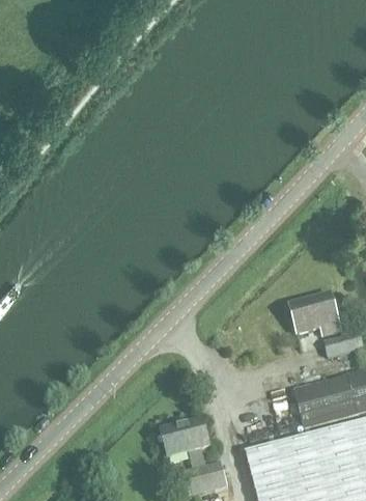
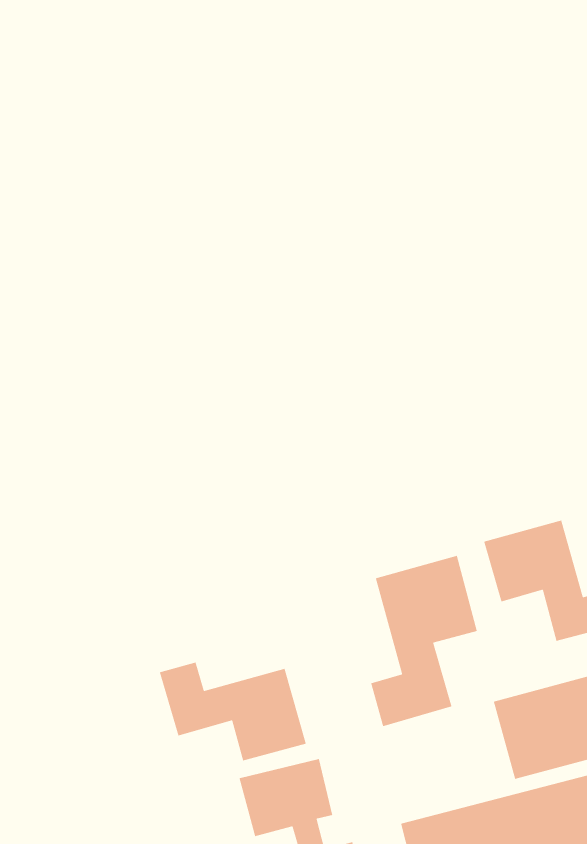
building: none -> [370,555,478,727]
building: none -> [159,662,307,762]

